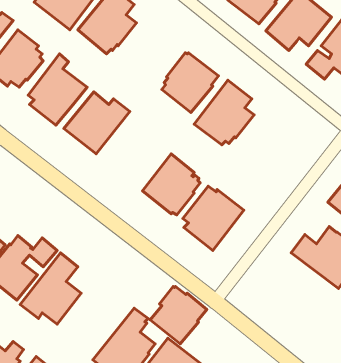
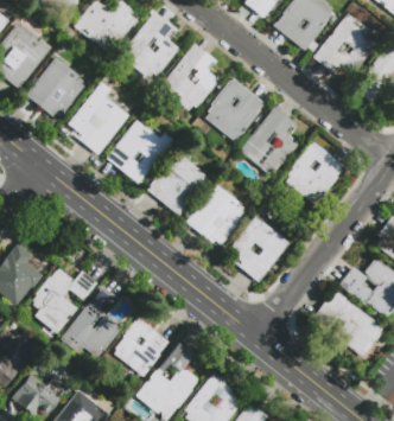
building: none -> [158,43,218,110]
building: none -> [286,141,344,204]
building: none -> [146,153,209,215]
building: none -> [313,288,382,357]
building: [150,286,207,344] -> [110,317,169,376]

